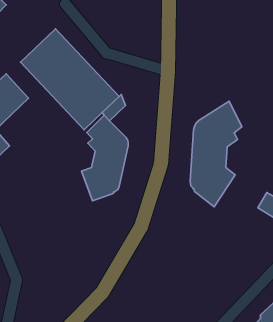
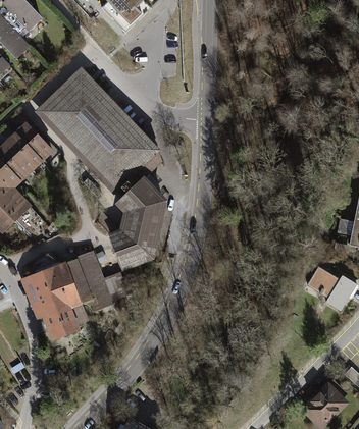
building: [190,101,242,207] -> none
building: none -> [25,253,111,339]

